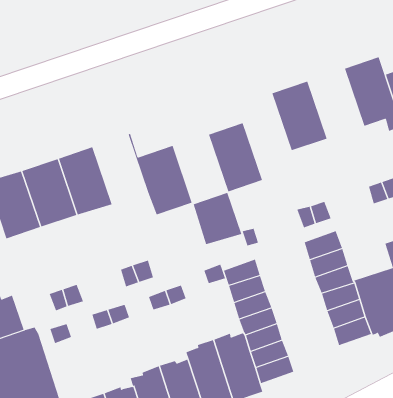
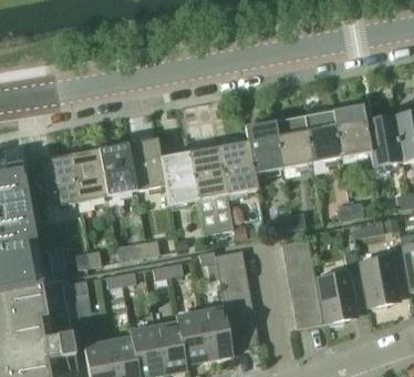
building: none -> [302,111,341,164]
building: none -> [244,122,281,190]
building: none -> [189,147,227,201]
building: none -> [126,139,164,192]

